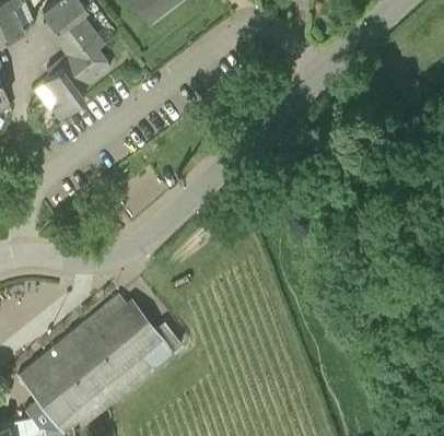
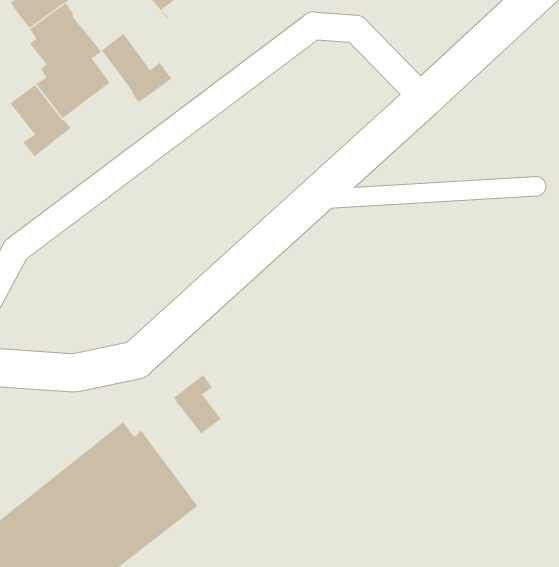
building: none -> [101,33,172,103]
building: none -> [174,374,222,434]

